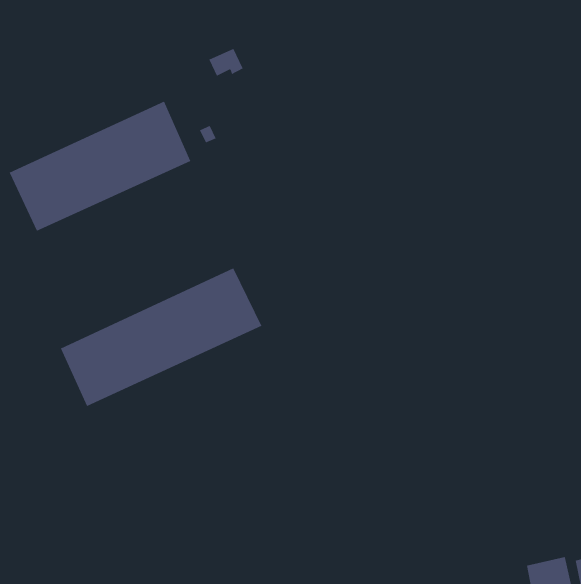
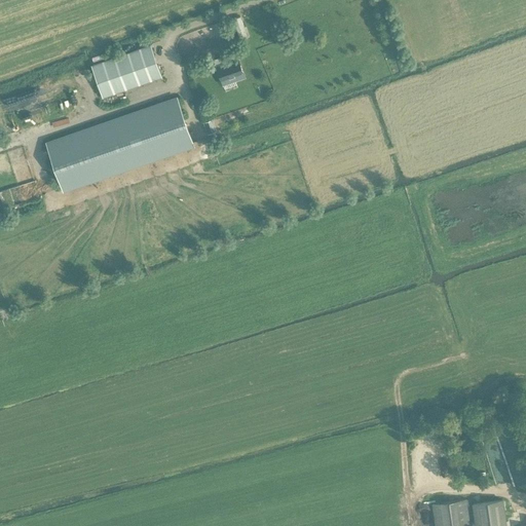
building: none -> [90,45,161,99]
building: [60,268,262,407] -> none

